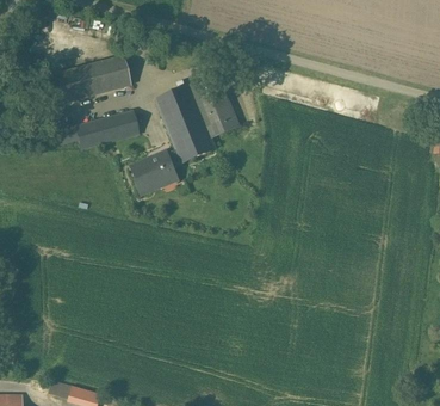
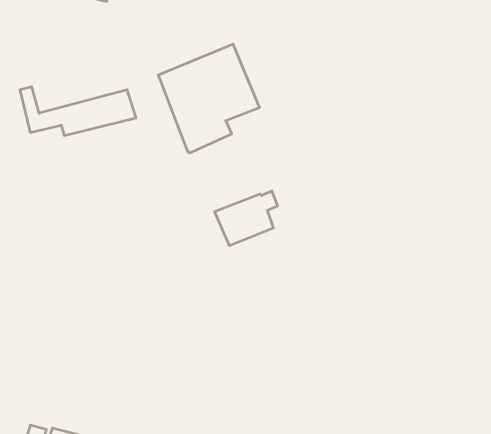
building: [49,56,130,104] -> none
building: [129,149,180,193] -> [215,191,278,246]

